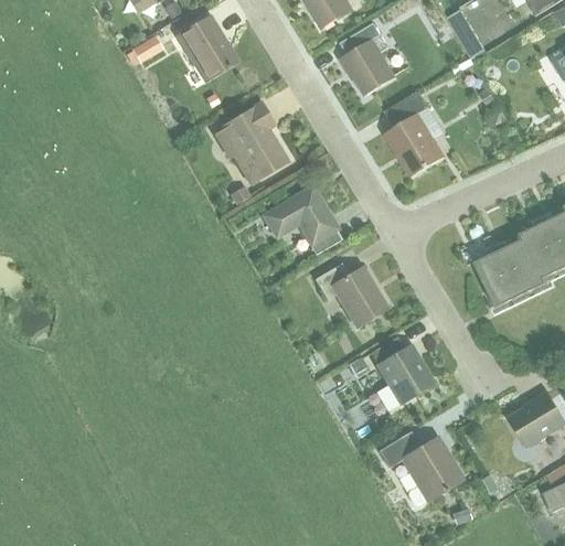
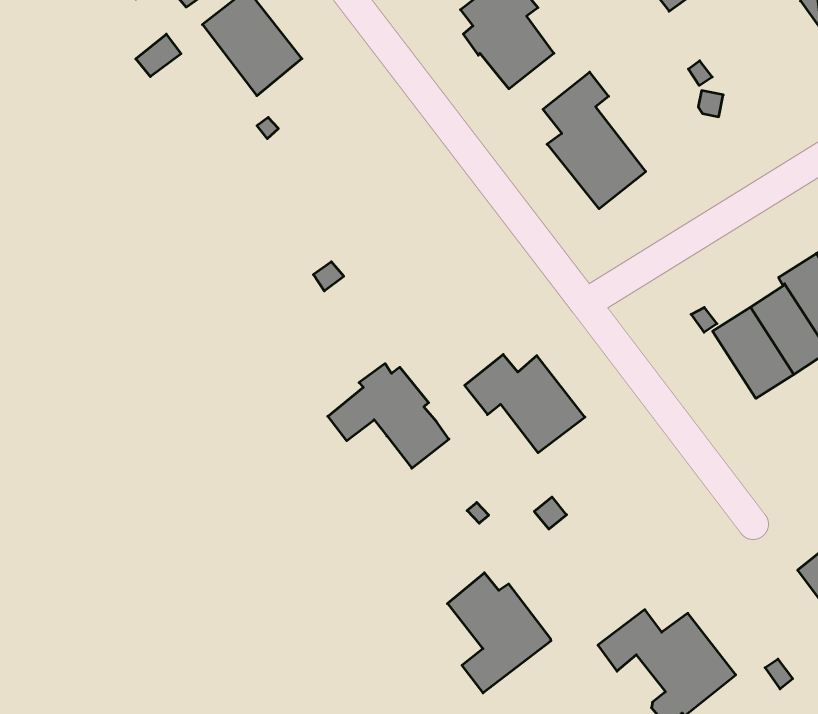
building: [215,101,288,185] -> none
building: [267,188,341,255] -> [328,364,449,468]
building: [371,335,433,410] -> [447,573,551,693]

